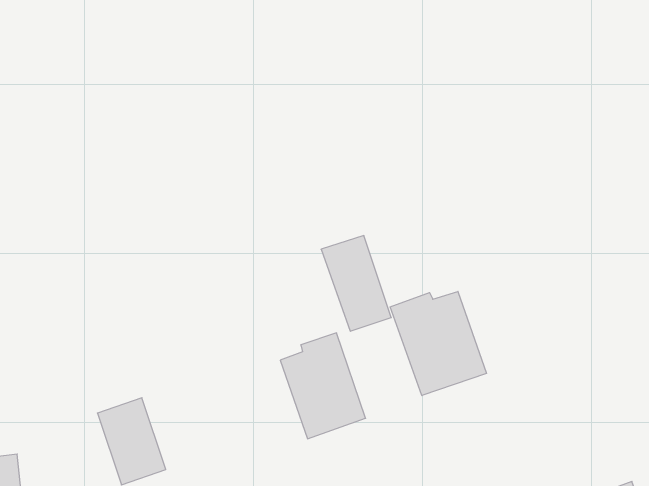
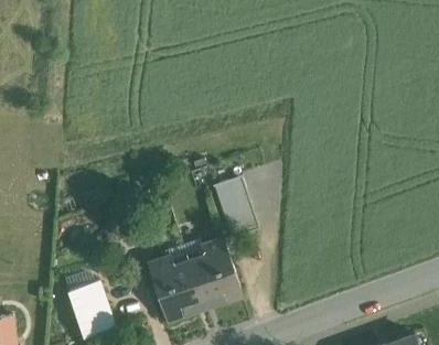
building: [390,291,486,396] -> none
building: none -> [149,257,205,320]

